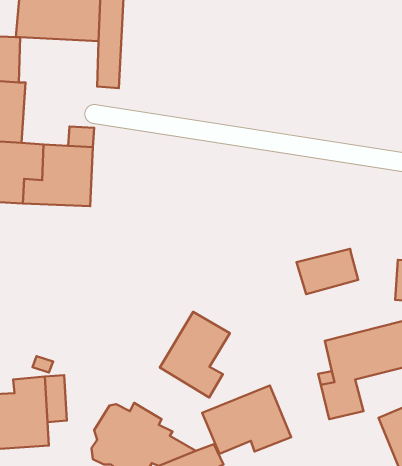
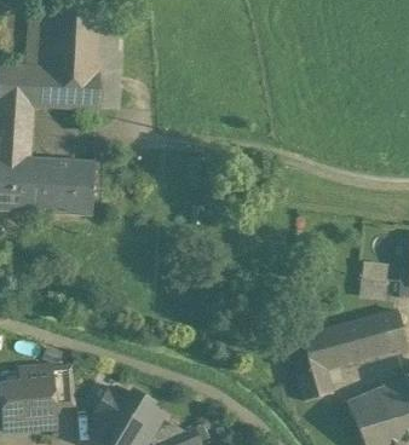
building: none -> [29,67,99,110]
building: [296,249,358,294] -> none
building: [160,312,230,397] -> none
building: [202,386,291,454] -> none

